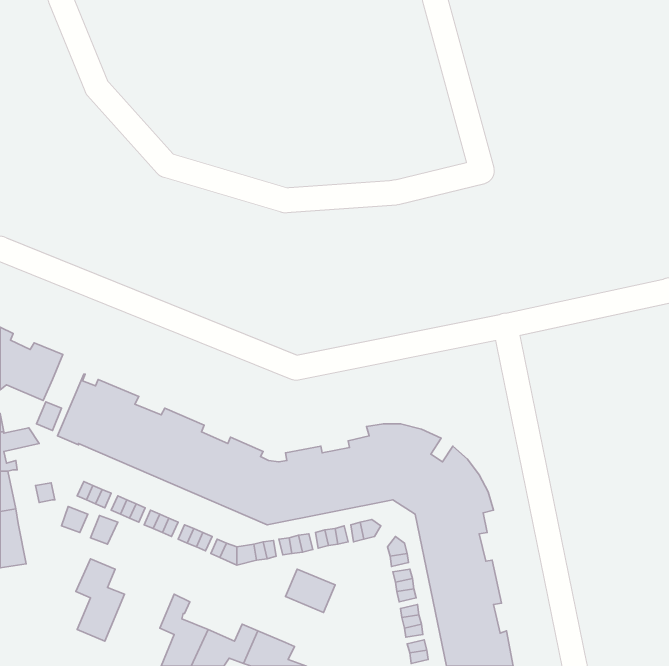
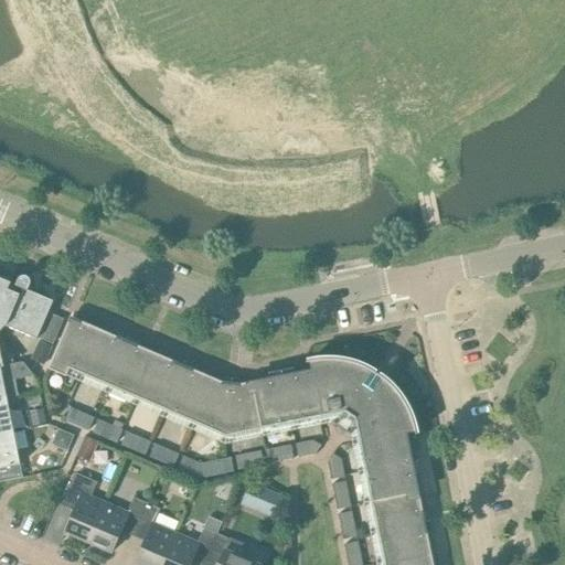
building: none -> [88,495,147,551]

